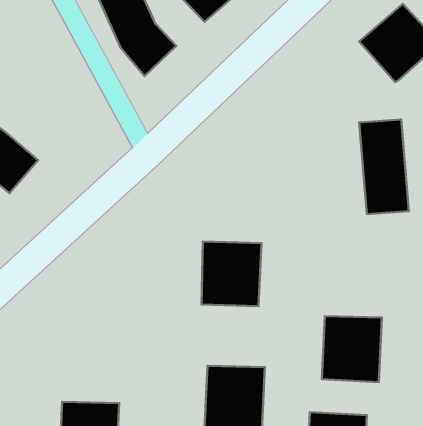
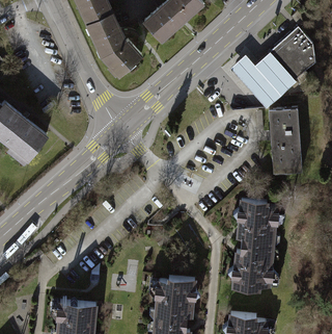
building: none -> [227,53,294,109]
building: [201,242,261,306] -> [242,200,283,245]

